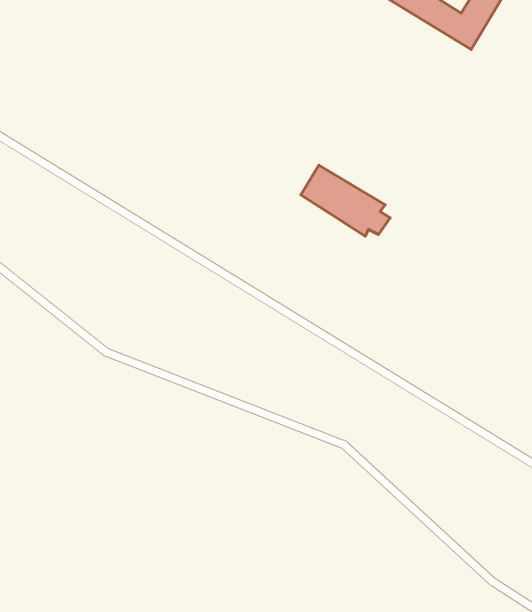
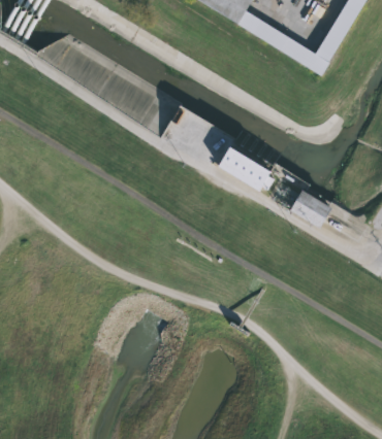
building: none -> [286,189,329,229]

